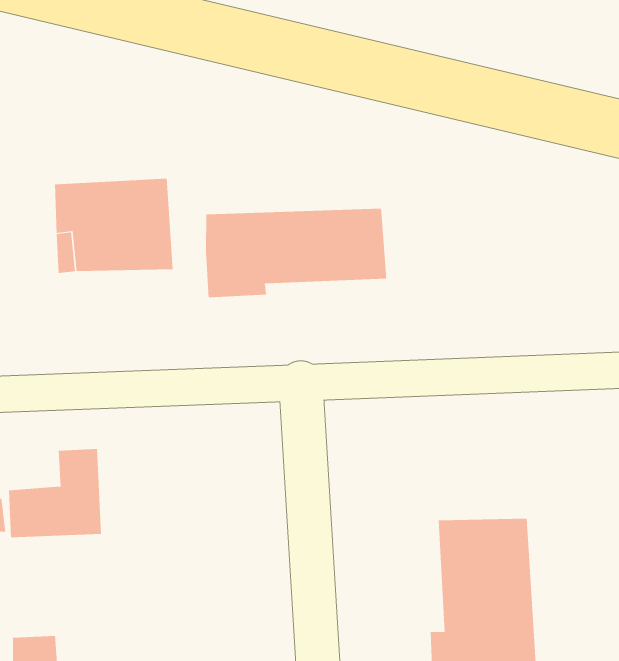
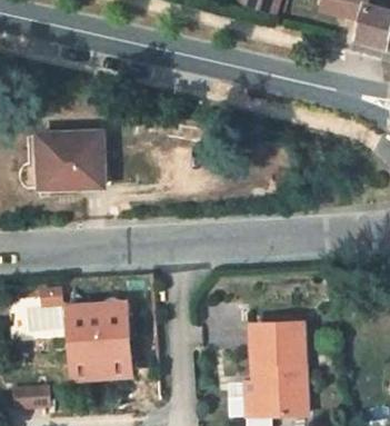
building: [205,208,387,298] -> none
building: none -> [66,298,132,364]

